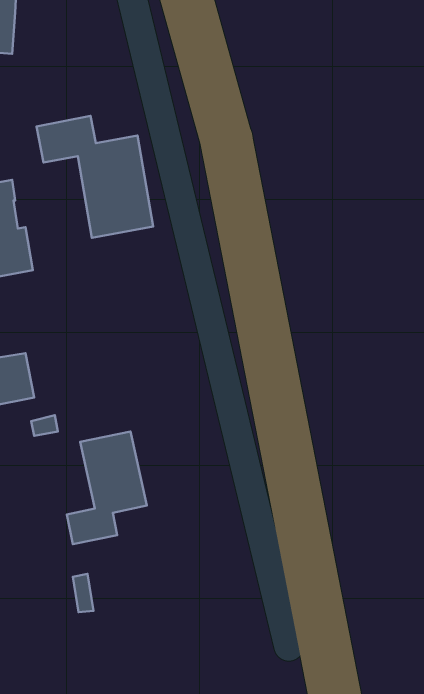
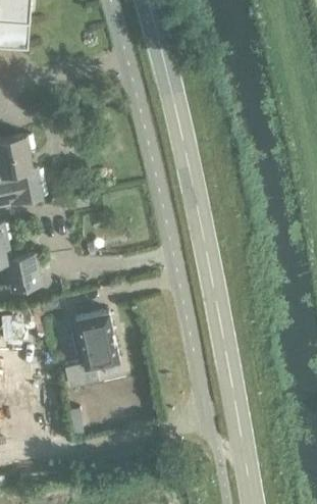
building: [36,116,153,238] -> none

